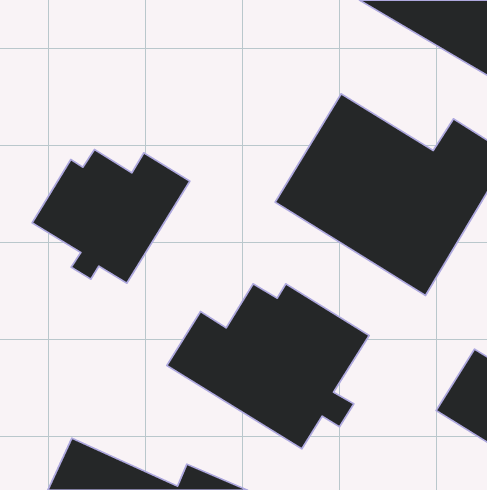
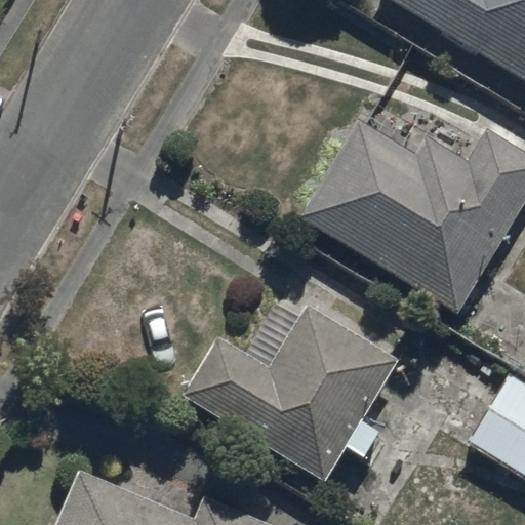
building: [32,149,190,283] -> none

